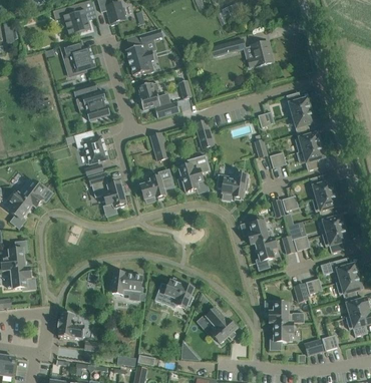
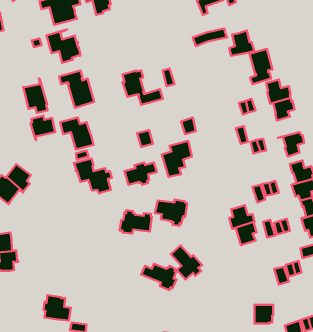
building: [125,28,162,75] -> none
building: none -> [249,49,273,84]
building: none -> [23,78,47,113]
building: none -> [31,116,55,140]
building: [295,129,321,151] -> none
building: [216,173,249,201] -> [155,200,187,226]
building: [109,270,142,294] -> [119,210,152,234]
building: [270,304,293,323] -> none
building: [206,308,238,343] -> [171,245,202,280]

